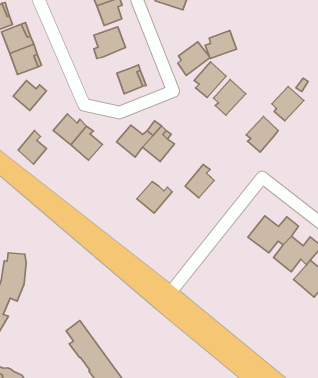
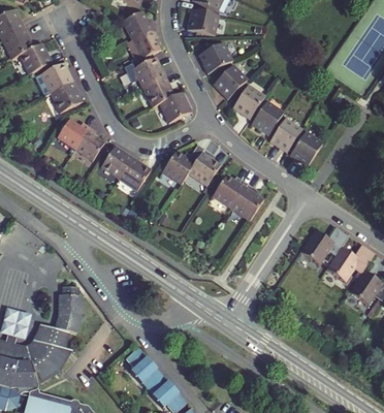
building: [205,31,236,58] -> [198,43,229,72]
building: none -> [139,76,170,105]
building: [272,86,304,121] -> [268,118,299,152]
building: [18,131,47,164] -> [73,126,101,159]
building: [137,181,172,213] -> [214,176,248,206]

